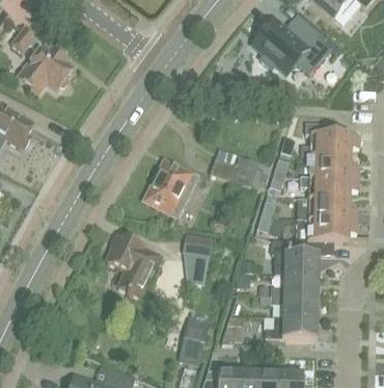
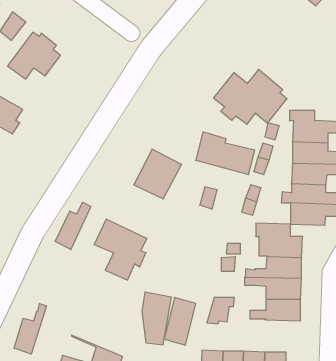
building: [251,17,326,73] -> [214,69,287,124]
building: none -> [55,202,91,250]
building: [182,232,212,286] -> [142,292,171,345]
building: none -> [14,303,46,354]

